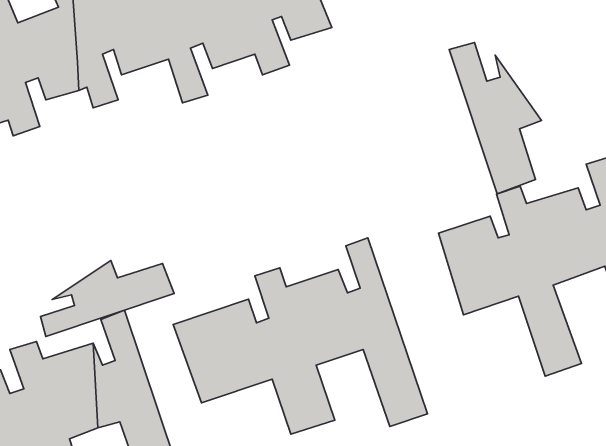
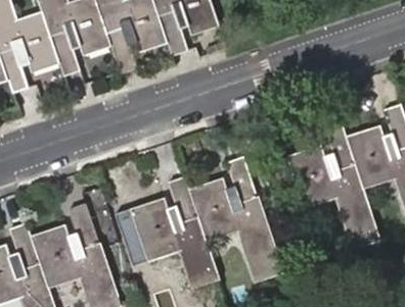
building: [449,43,541,194] -> none
building: [40,260,174,337] -> none

